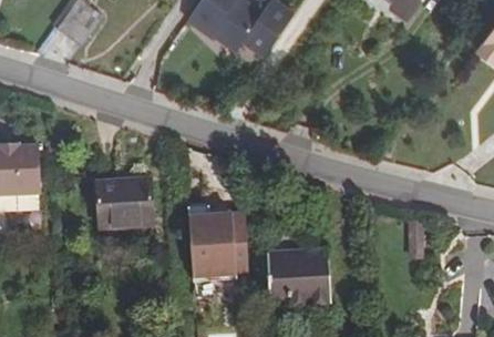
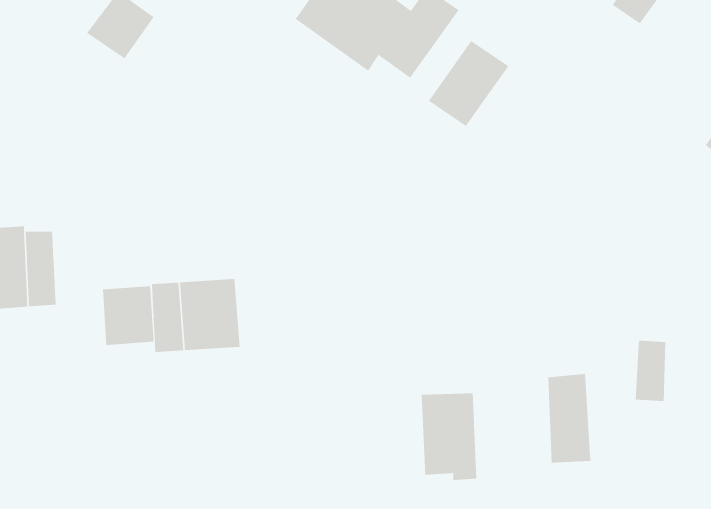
building: none -> [428,40,509,127]
building: none -> [102,285,154,346]
building: [187,207,248,283] -> none
building: [301,251,329,307] -> [547,374,591,463]

